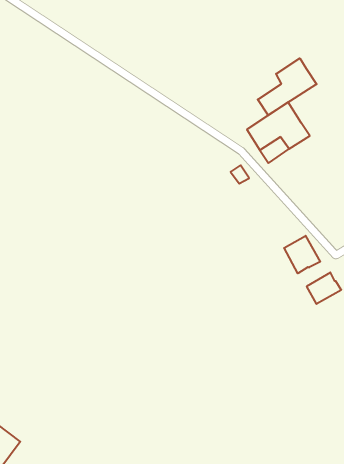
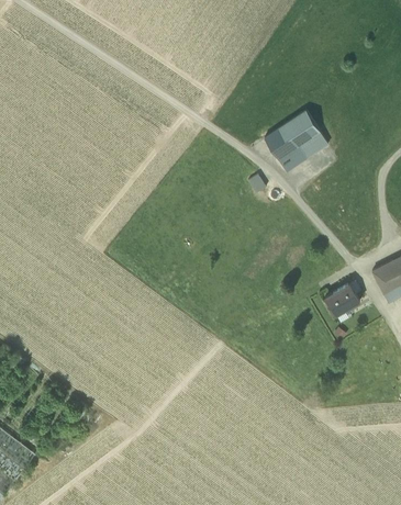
building: [258,58,317,115] -> none
building: [284,236,320,273] -> none

